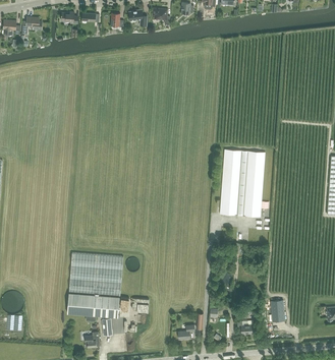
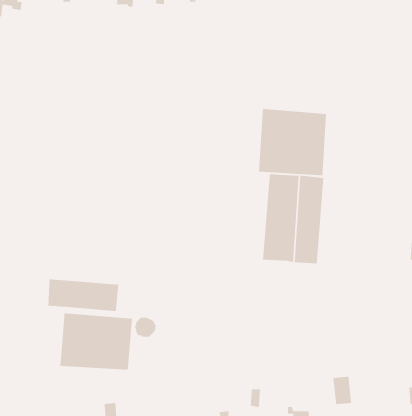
building: none -> [258,108,327,176]
building: [67,293,120,317] -> [47,279,119,312]

